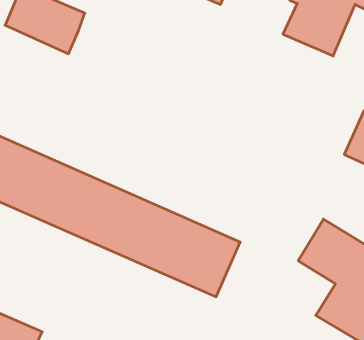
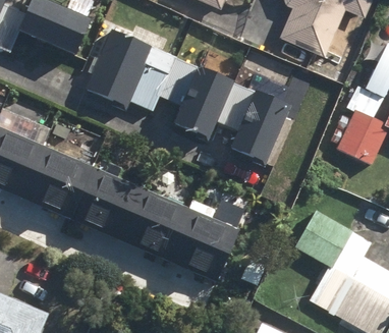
building: none -> [85,29,174,110]
building: none -> [175,65,237,142]
building: none -> [232,89,294,166]

